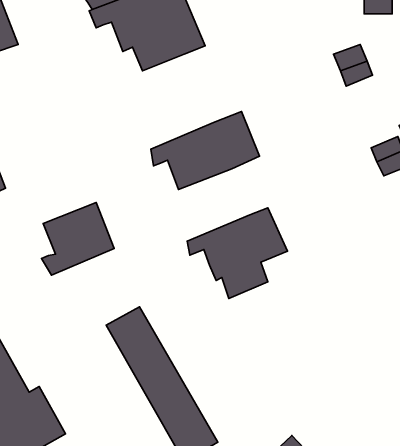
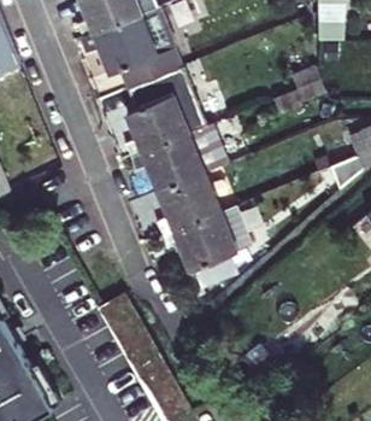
building: none -> [126,75,189,157]
building: [42,203,114,275] -> [158,174,220,236]

